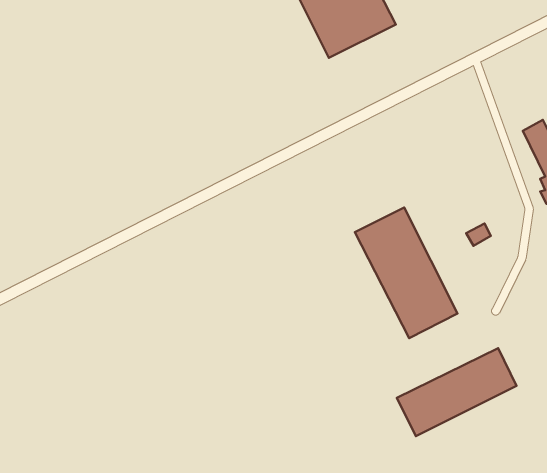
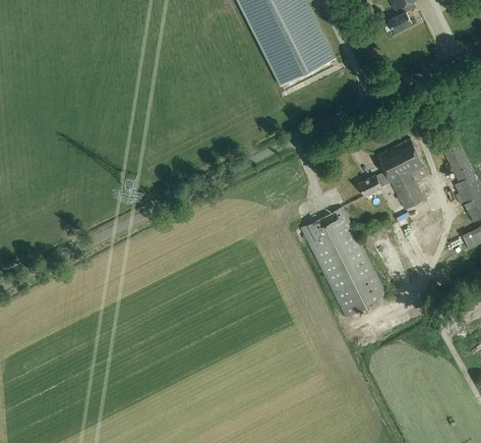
building: none -> [358,137,425,210]
building: [397,348,516,436] -> none

